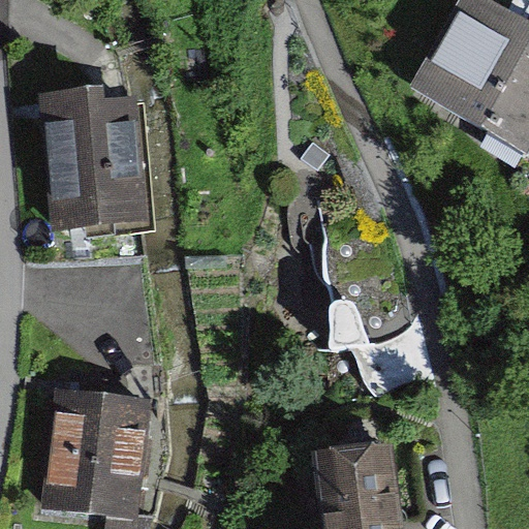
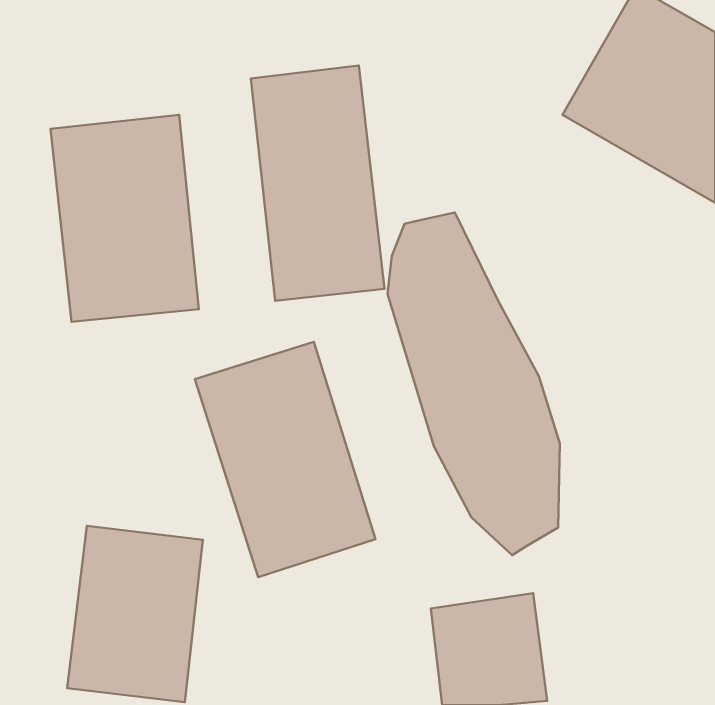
building: none -> [251,65,385,301]
building: none -> [195,342,376,577]

